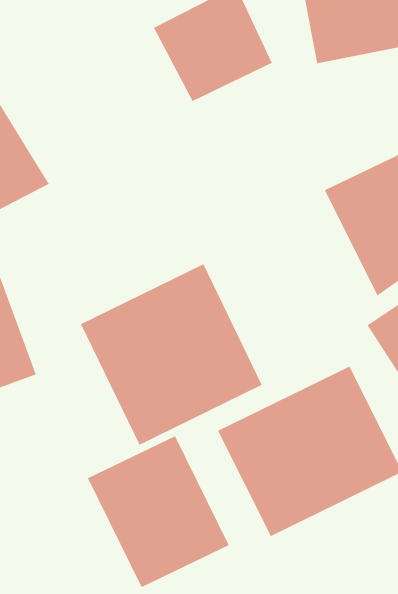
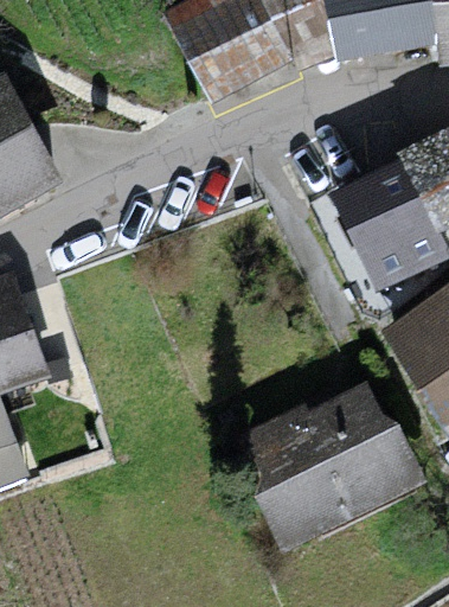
building: [80,263,263,446] -> none
building: [87,435,230,588] -> none

